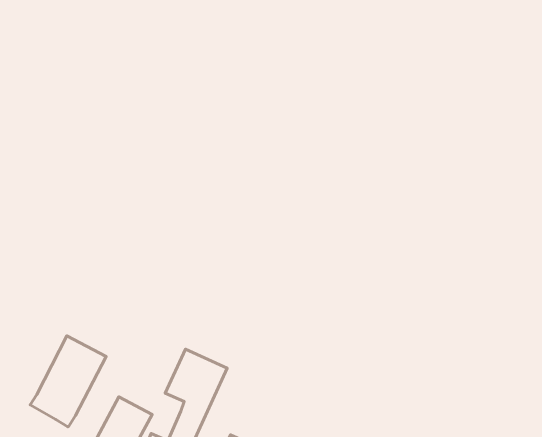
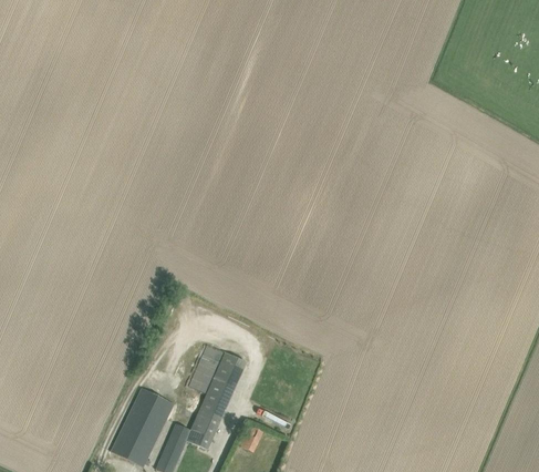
building: [30,336,106,427] -> none

